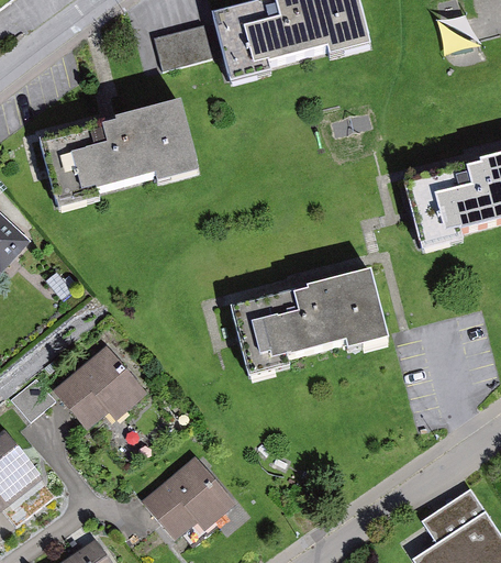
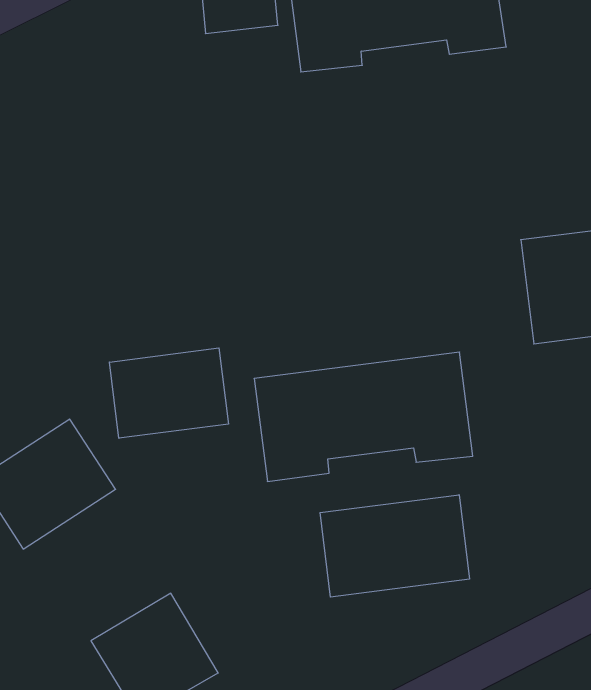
building: [38,98,200,208] -> none
building: none -> [109,348,228,438]
building: none -> [320,495,469,597]

